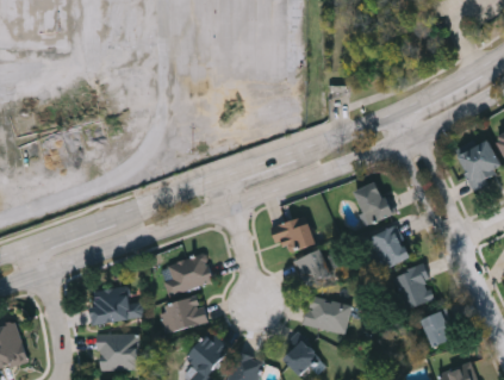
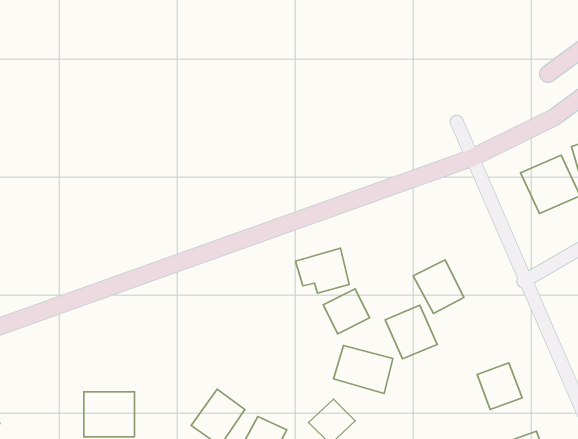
building: [353,181,392,225] -> none
building: [160,254,213,295] -> none
building: [392,266,435,310] -> [385,305,437,359]
building: [89,287,142,324] -> none
building: [157,295,206,335] -> none

